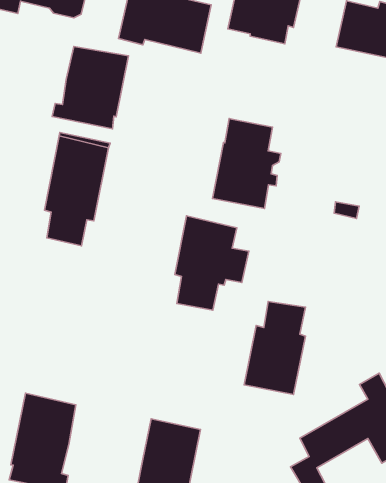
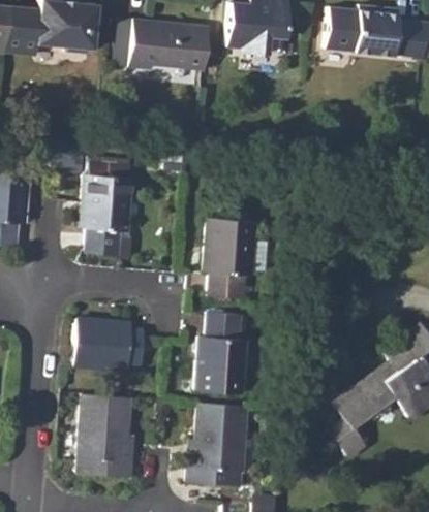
building: [52,46,129,129] -> none
building: [212,118,281,209] -> none
building: [244,302,305,394] -> [195,313,245,393]
building: none -> [73,320,145,370]

